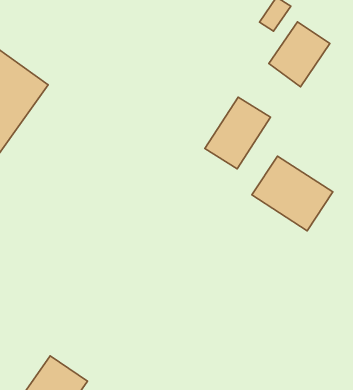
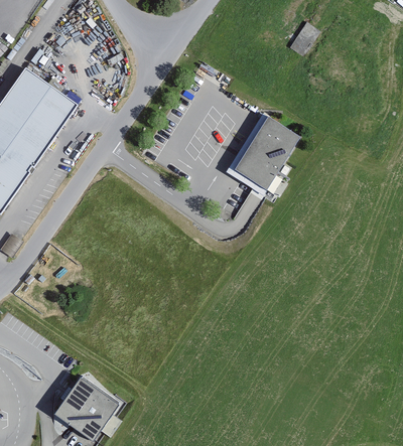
building: [269,22,330,87] -> none
building: [252,156,333,231] -> none

